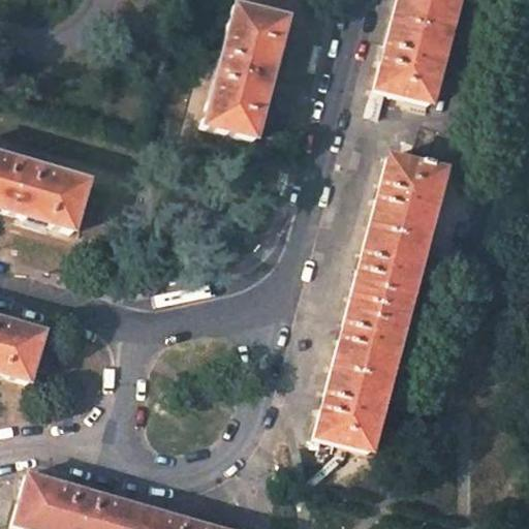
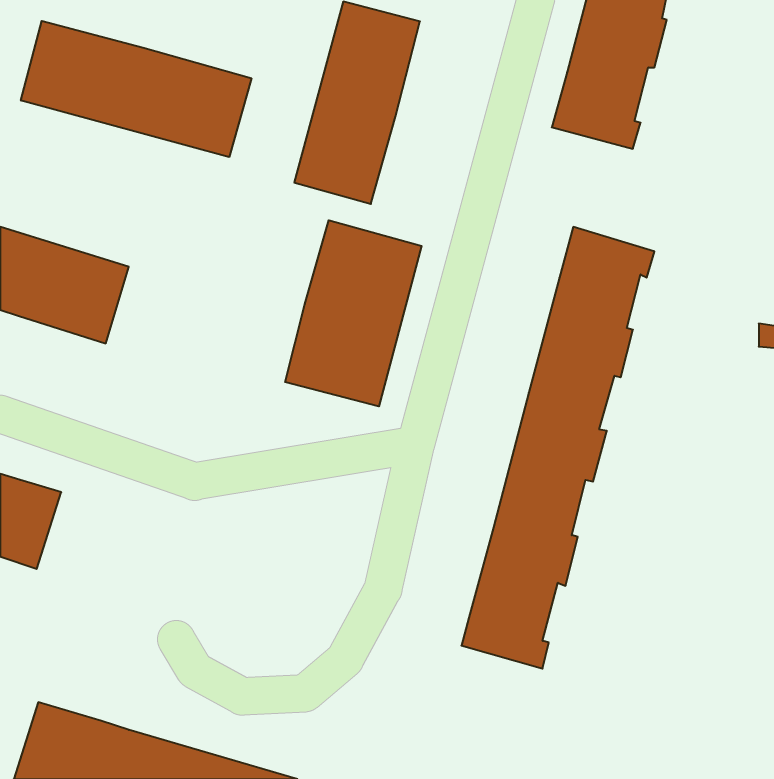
building: none -> [21,21,251,157]
building: none -> [285,220,422,406]

